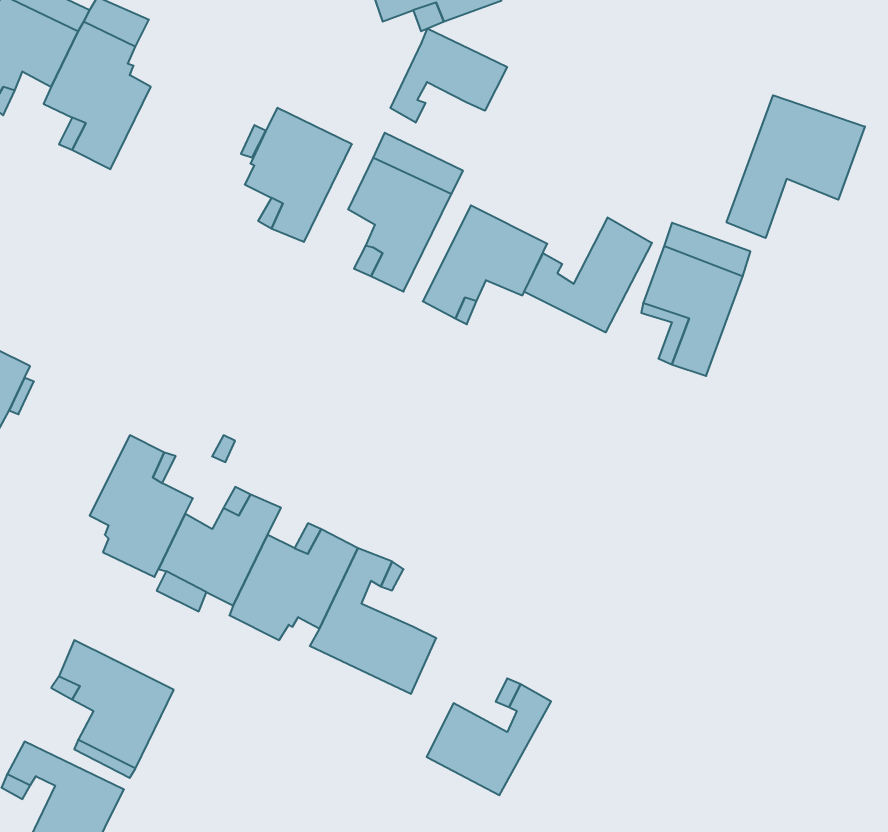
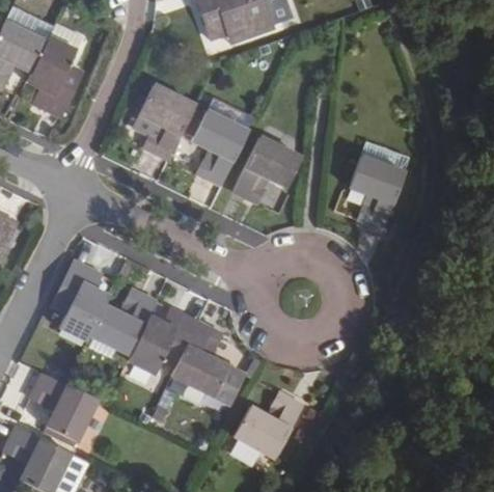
building: [390,28,507,123] -> none
building: [727,95,865,238] -> none
building: [524,217,652,332] -> none

